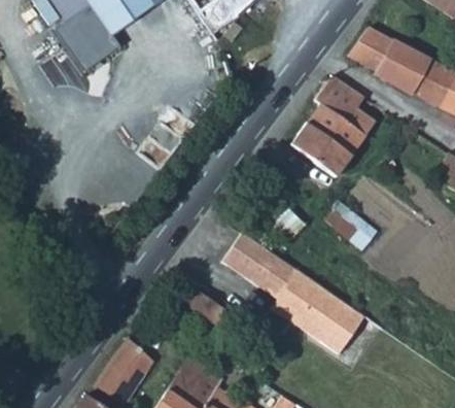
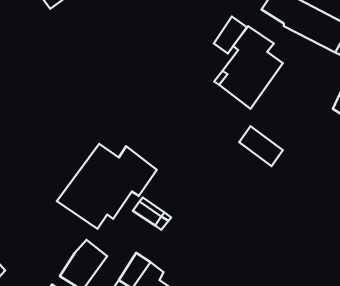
building: none -> [214,16,247,54]
building: none -> [57,144,157,229]
building: [218,233,364,354] -> none

